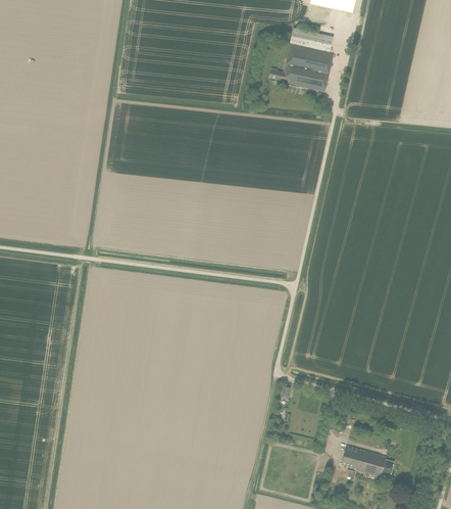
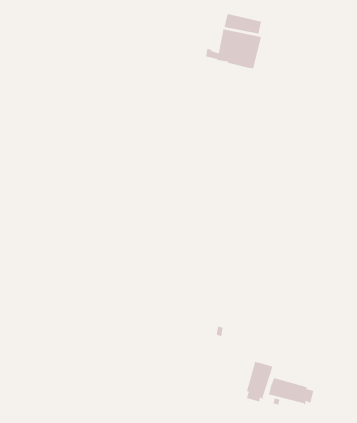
building: none -> [246,361,273,403]

